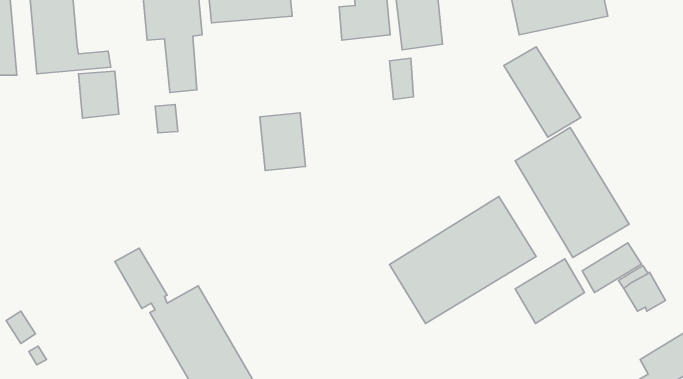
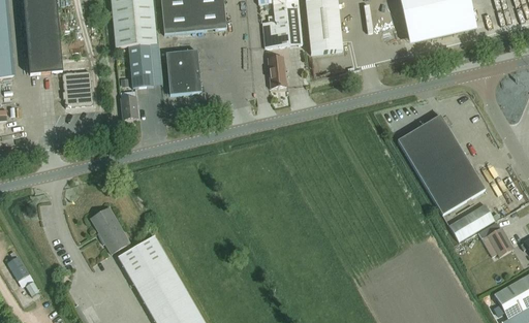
building: [504,47,581,137] -> none
building: [389,58,414,100] -> [268,57,286,89]
building: [260,113,306,171] -> [166,51,201,95]
building: [389,197,536,324] -> none
building: [515,259,585,323] -> none

